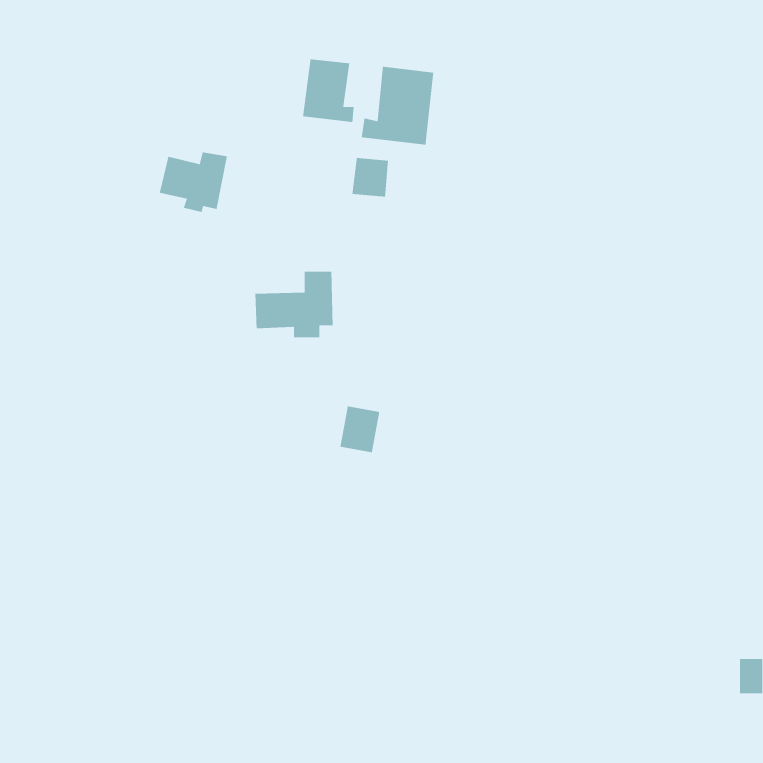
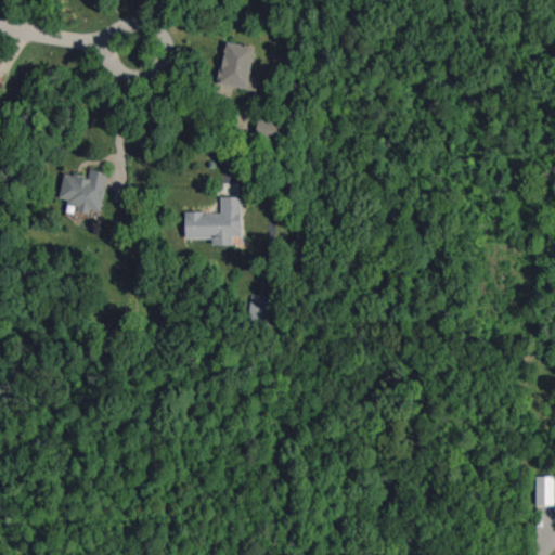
building: [361,66,434,146] -> none
building: [159,151,228,213] -> [57,170,107,215]

